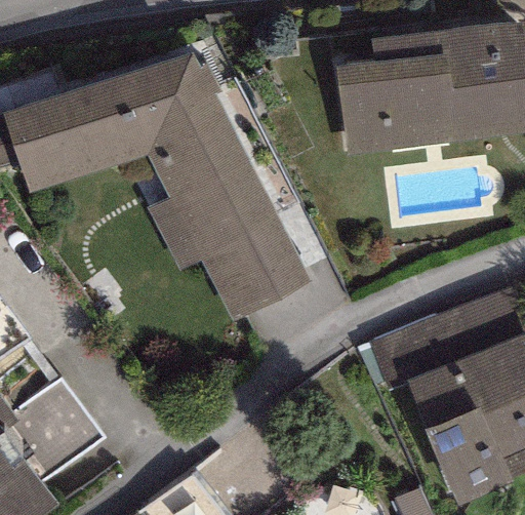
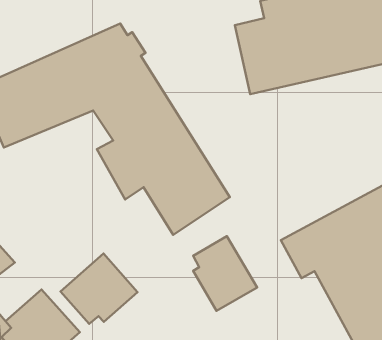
building: none -> [193,236,257,311]
building: none -> [60,253,137,324]

